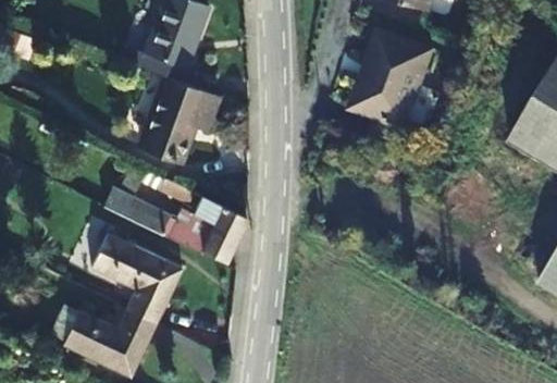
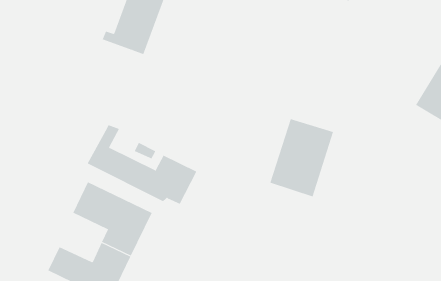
building: [355,30,433,126] -> [270,119,334,197]
building: [135,73,215,160] -> none

